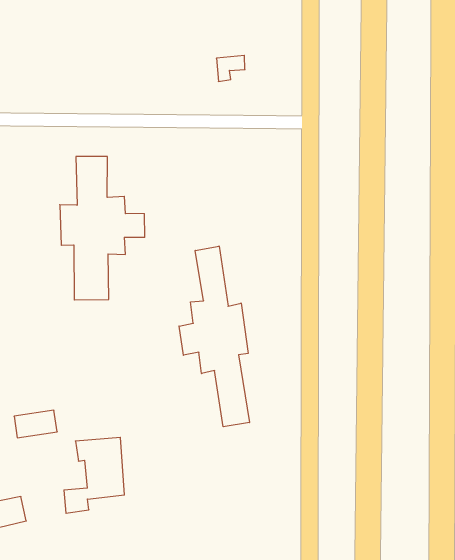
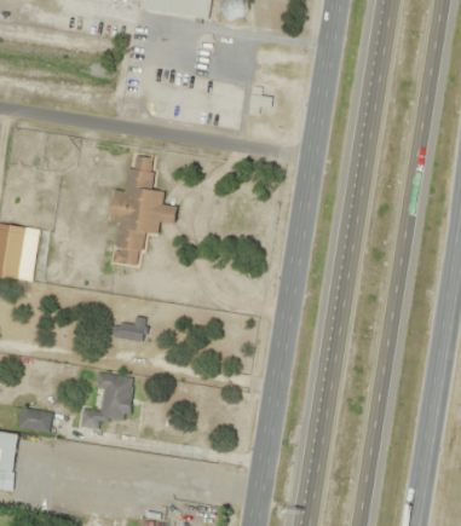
building: [179,246,249,427] -> none
building: [14,410,57,438] -> [113,322,144,339]

